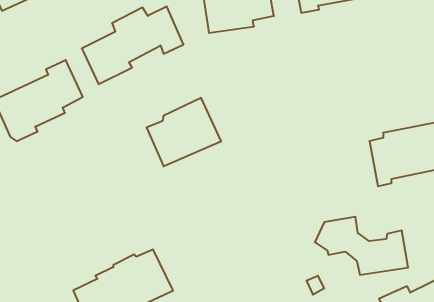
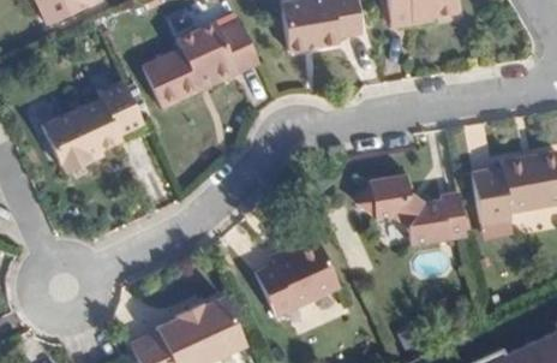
building: [147,98,221,166] -> [259,245,345,323]
building: [315,217,408,275] -> [360,179,467,245]

